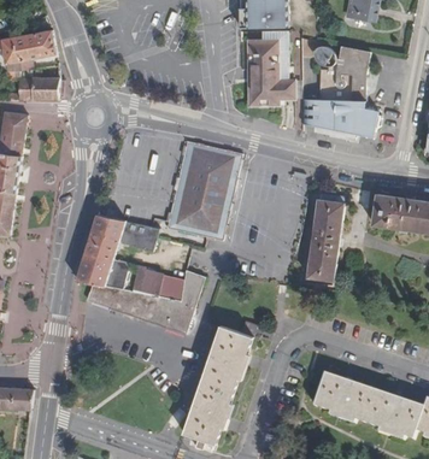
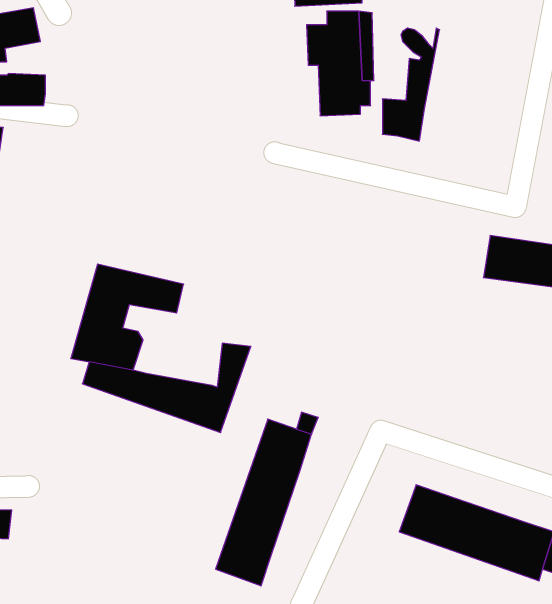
building: [327,46,378,135] -> none
building: [168,140,240,237] -> none
building: [307,199,345,279] -> none
building: [131,269,183,300] -> none

